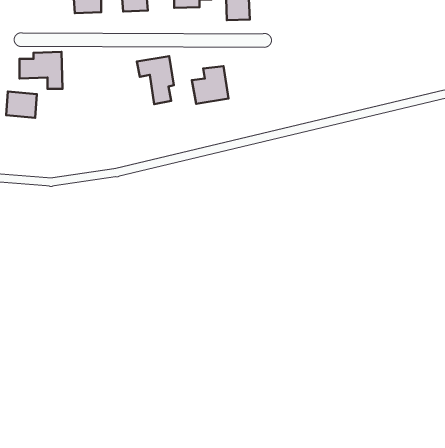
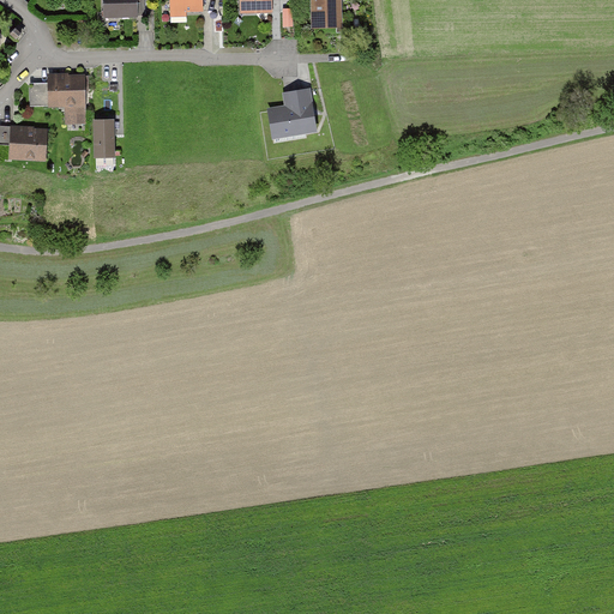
building: [137,56,174,104] -> none
building: none -> [95,118,119,157]

